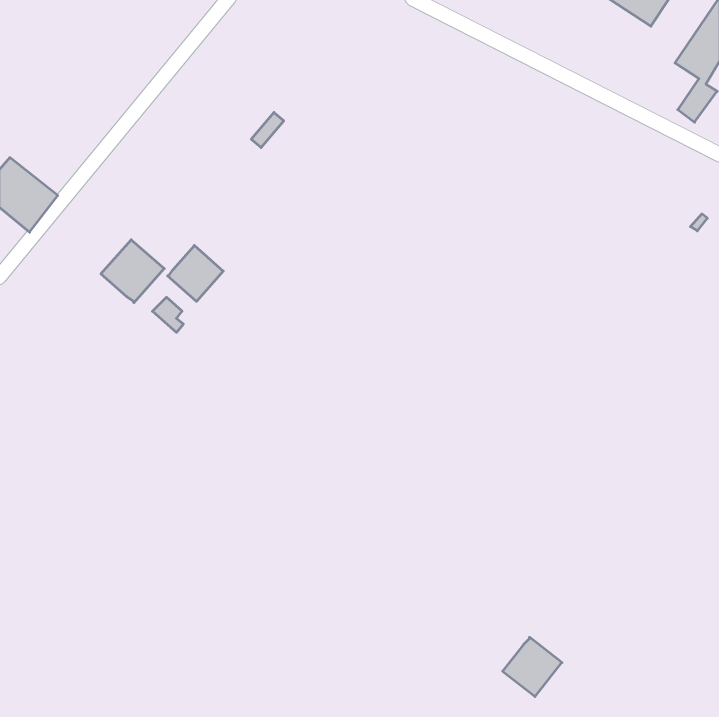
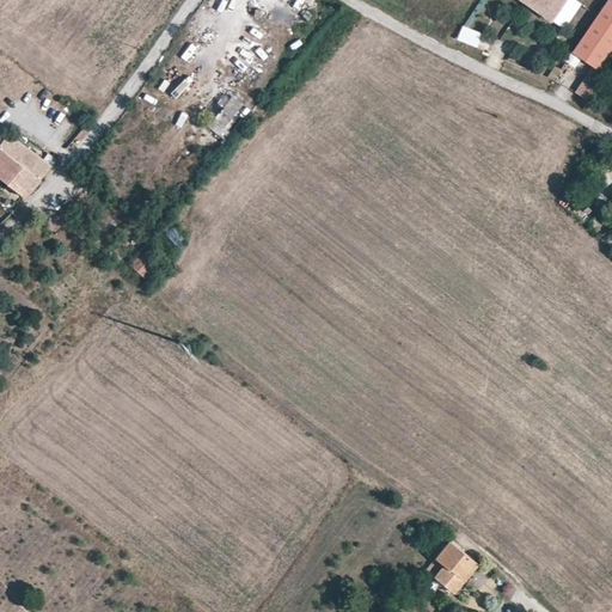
building: [101,240,164,303] -> none
building: [168,245,223,301] -> none

